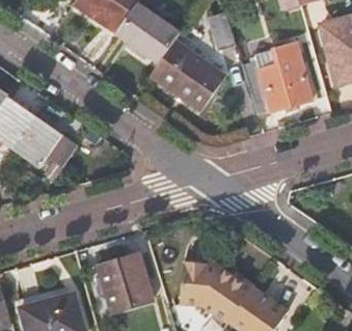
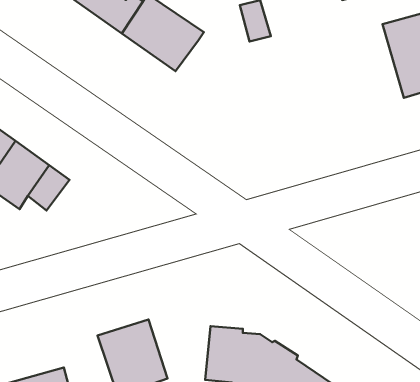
building: [241,37,312,111] -> none
building: [151,38,224,108] -> none

